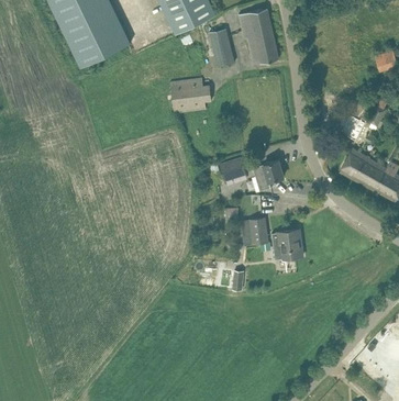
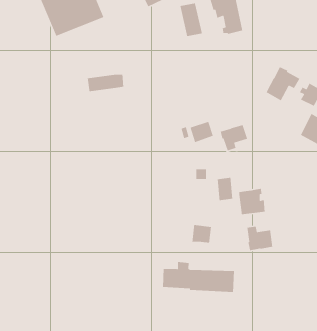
building: [170,86,211,105] -> [87,74,124,92]
building: none -> [266,66,300,101]
building: none -> [247,223,273,251]
building: none -> [162,261,235,293]

